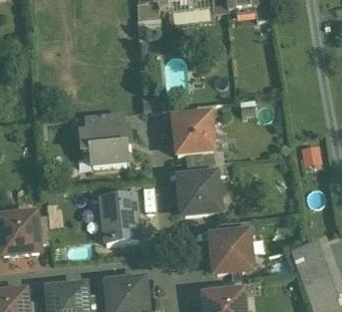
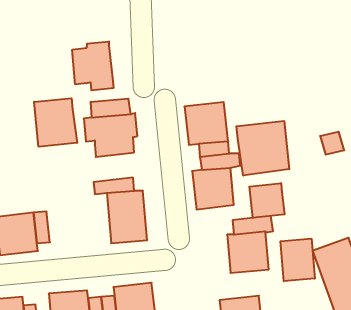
building: none -> [72,41,113,90]
building: none -> [34,98,77,147]
building: none -> [236,121,289,176]
building: none -> [249,183,285,218]
building: none -> [280,239,315,281]

